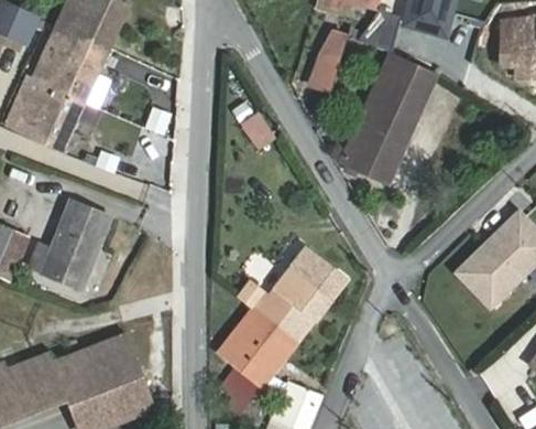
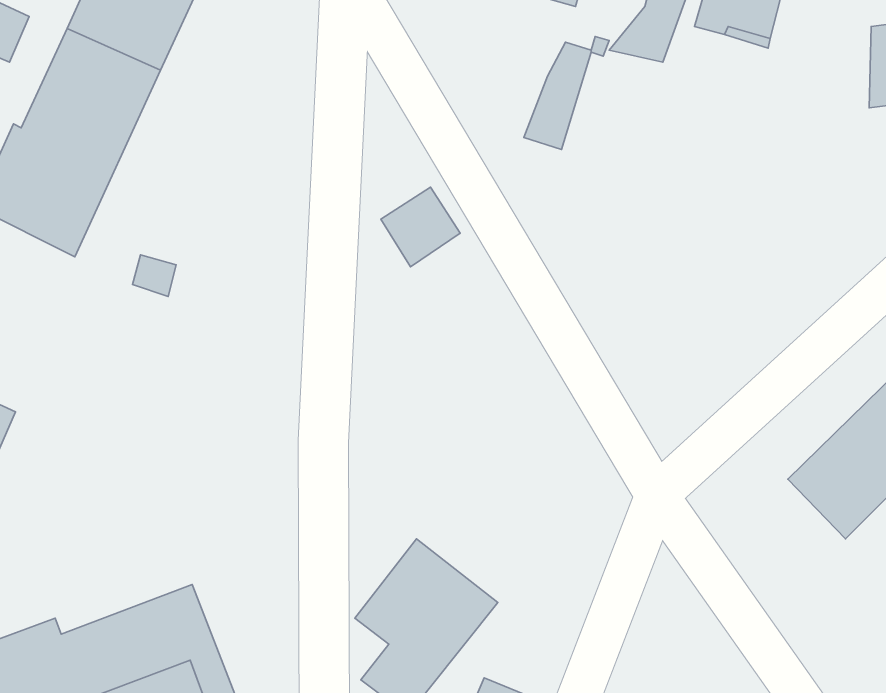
building: [339,53,437,186] -> none
building: [41,201,110,289] -> none
building: [237,249,346,343] -> none

